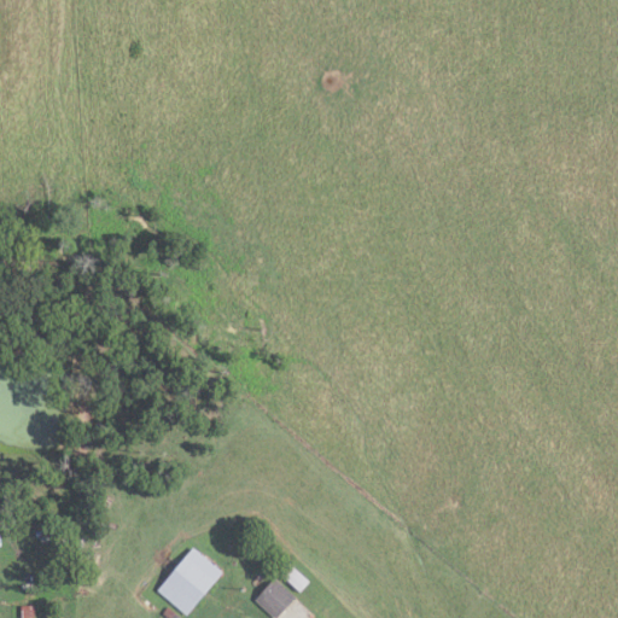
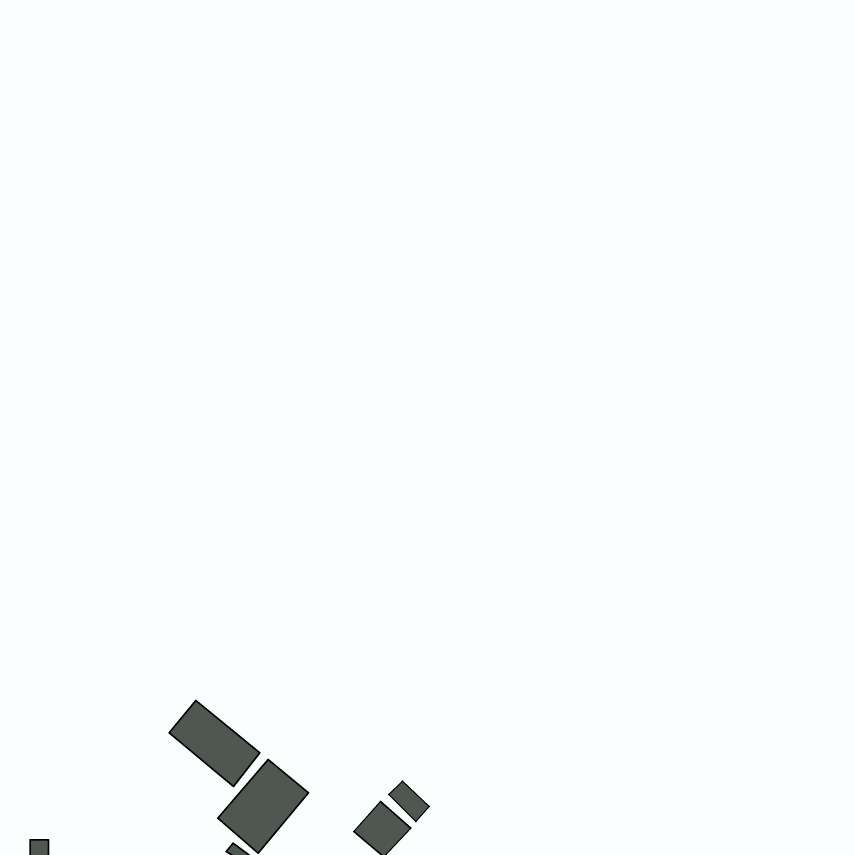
building: none -> [169,701,260,787]

